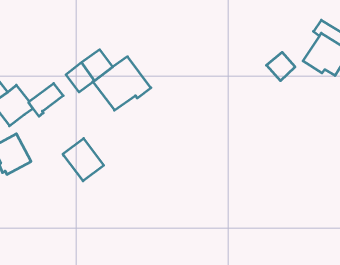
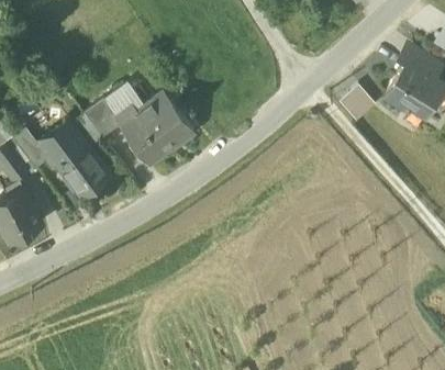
building: [63,138,104,181] -> [56,141,108,194]

